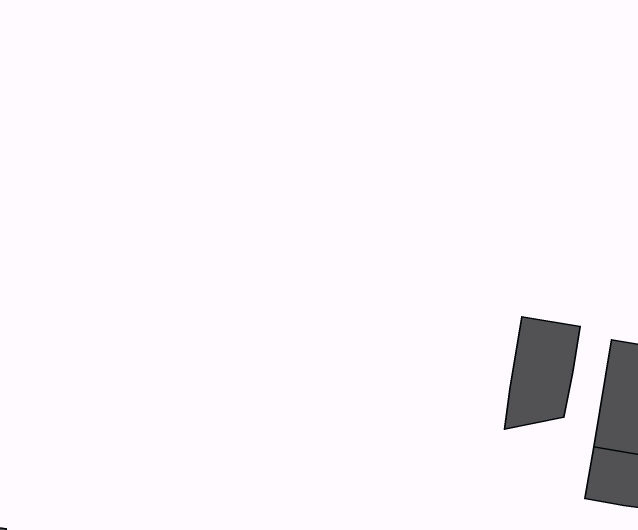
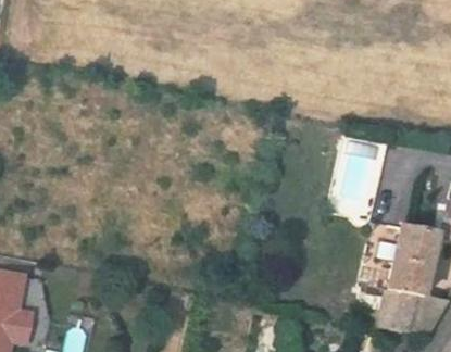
building: [505,317,580,429] -> none

